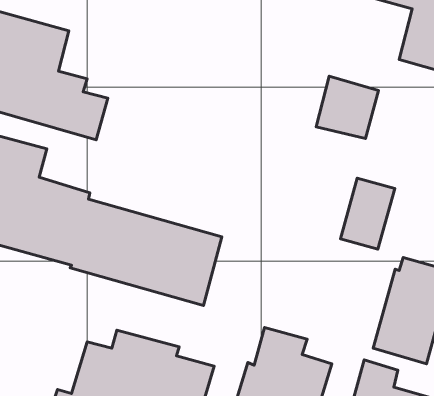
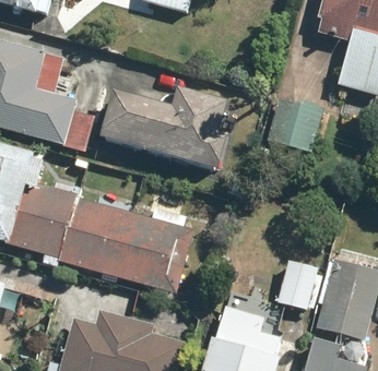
building: none -> [99,89,226,167]
building: [340,178,395,249] -> [274,262,320,322]

